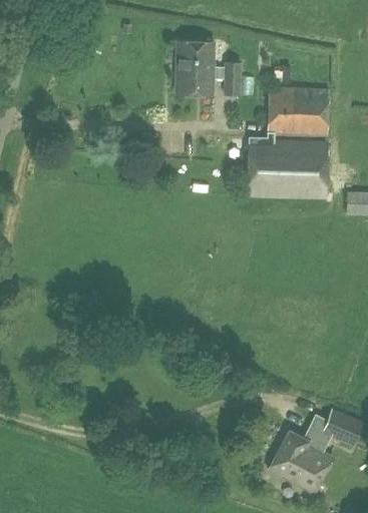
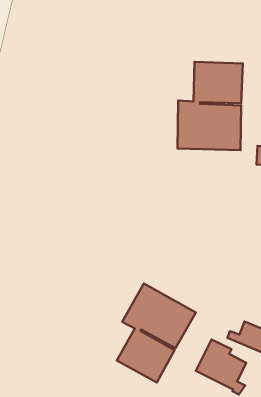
building: [176,40,241,95] -> none
building: none -> [117,283,196,382]

